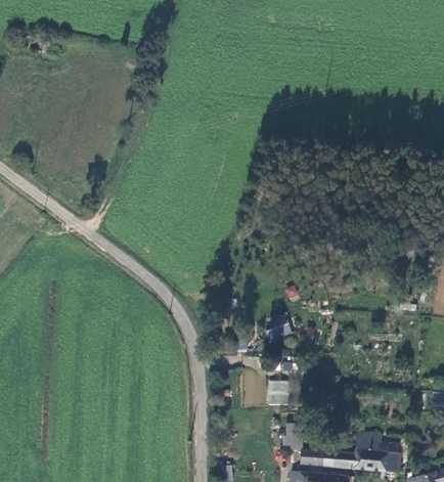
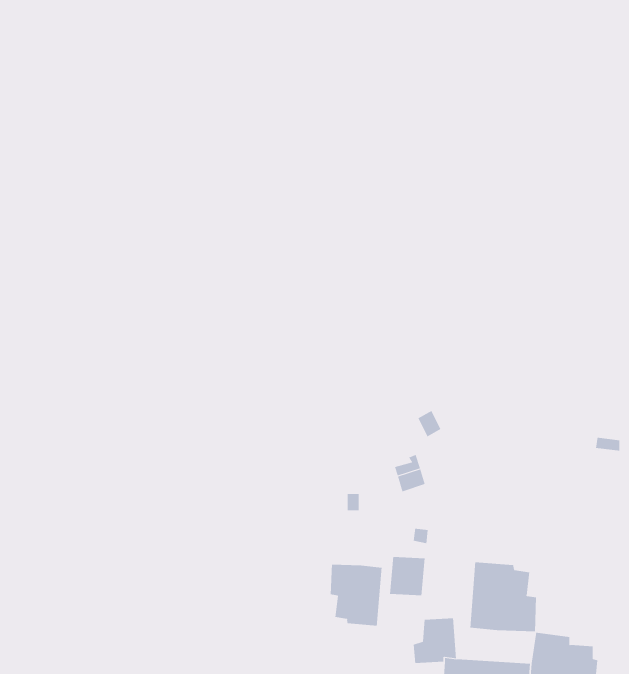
building: none -> [470,562,536,632]
building: none -> [330,564,382,626]

